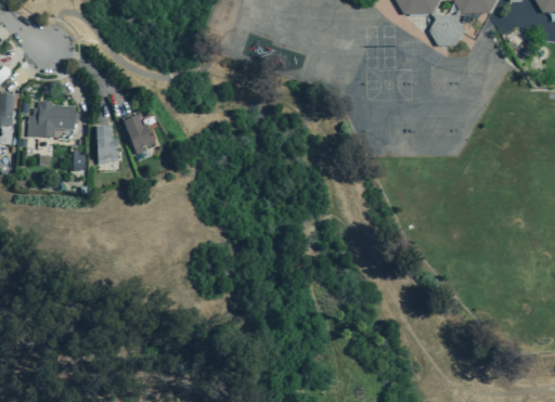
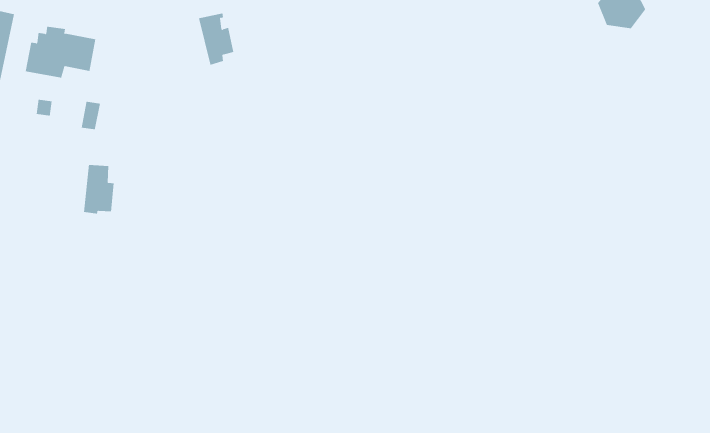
building: [125,115,154,154] -> [198,13,234,65]
building: [98,127,119,163] -> [83,164,114,214]

